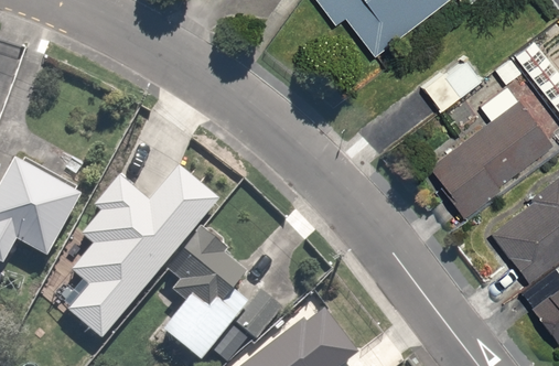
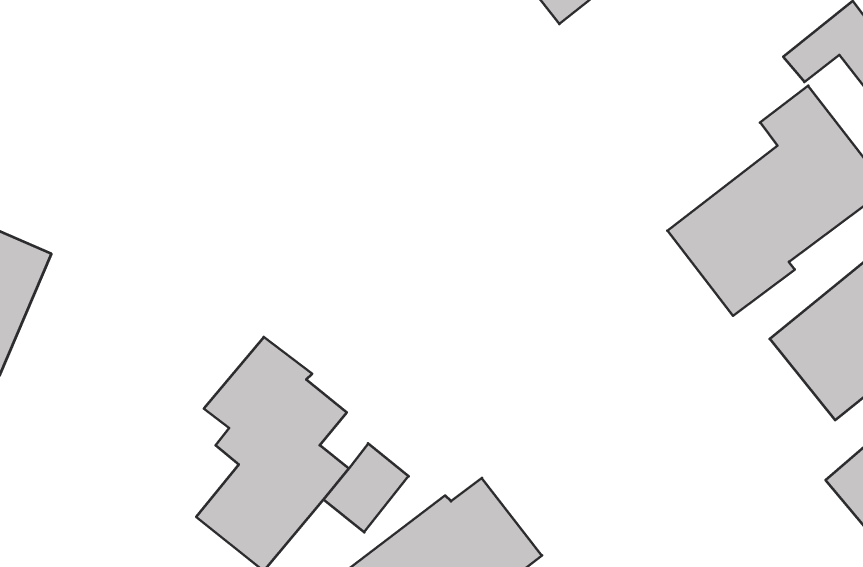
building: [68,165,219,340] -> none

